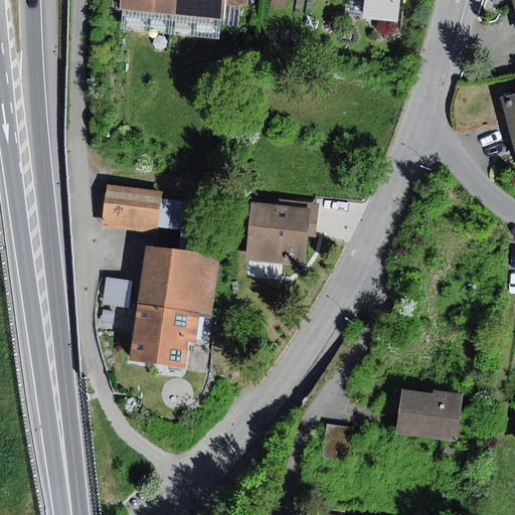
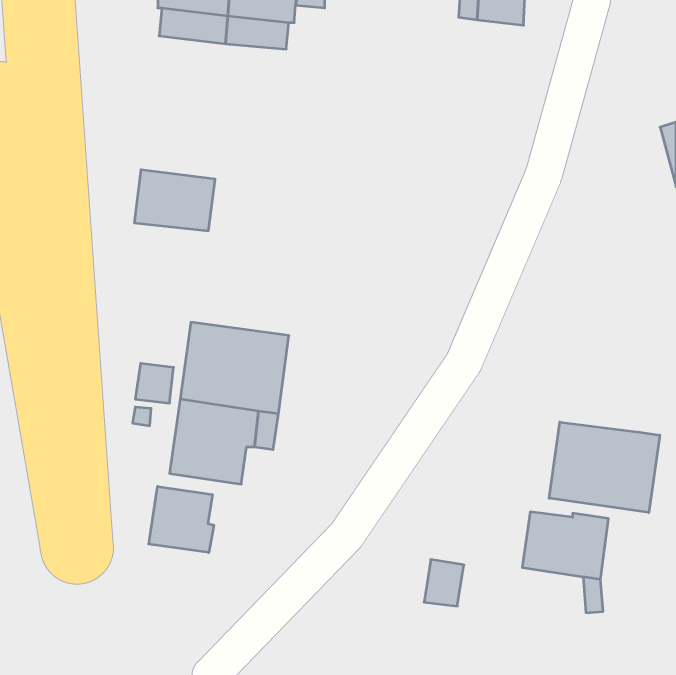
building: [101,184,162,230] -> [134,170,215,231]
building: [245,197,319,266] -> none
building: none -> [549,422,660,513]
building: none -> [149,486,214,553]

